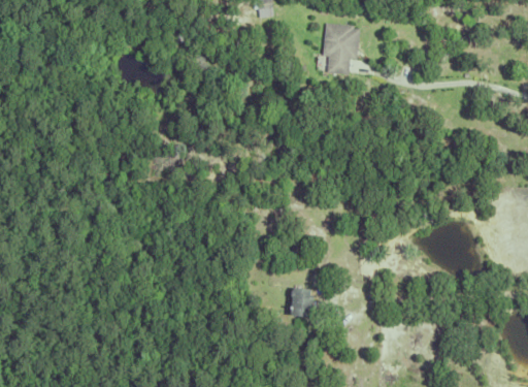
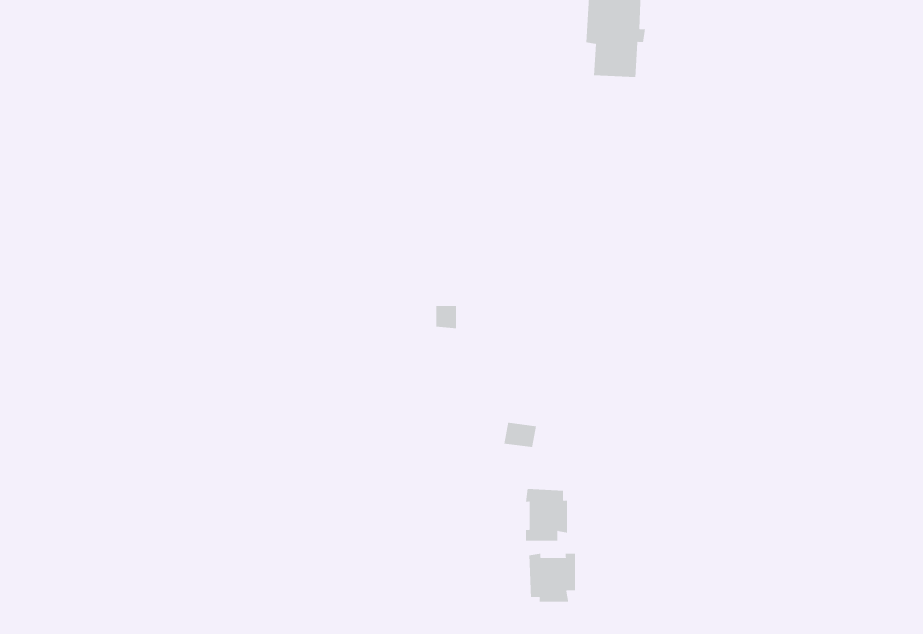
building: none -> [529,553,576,602]

